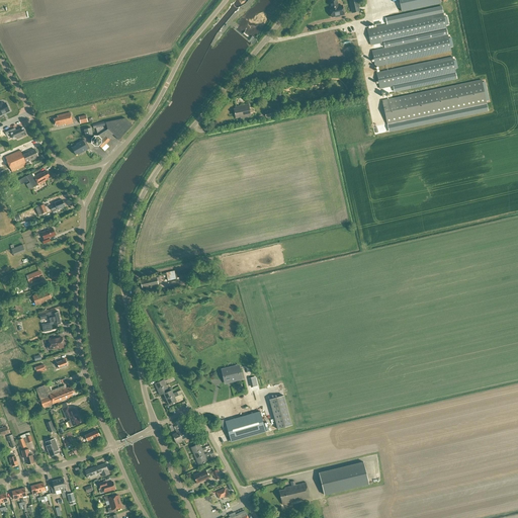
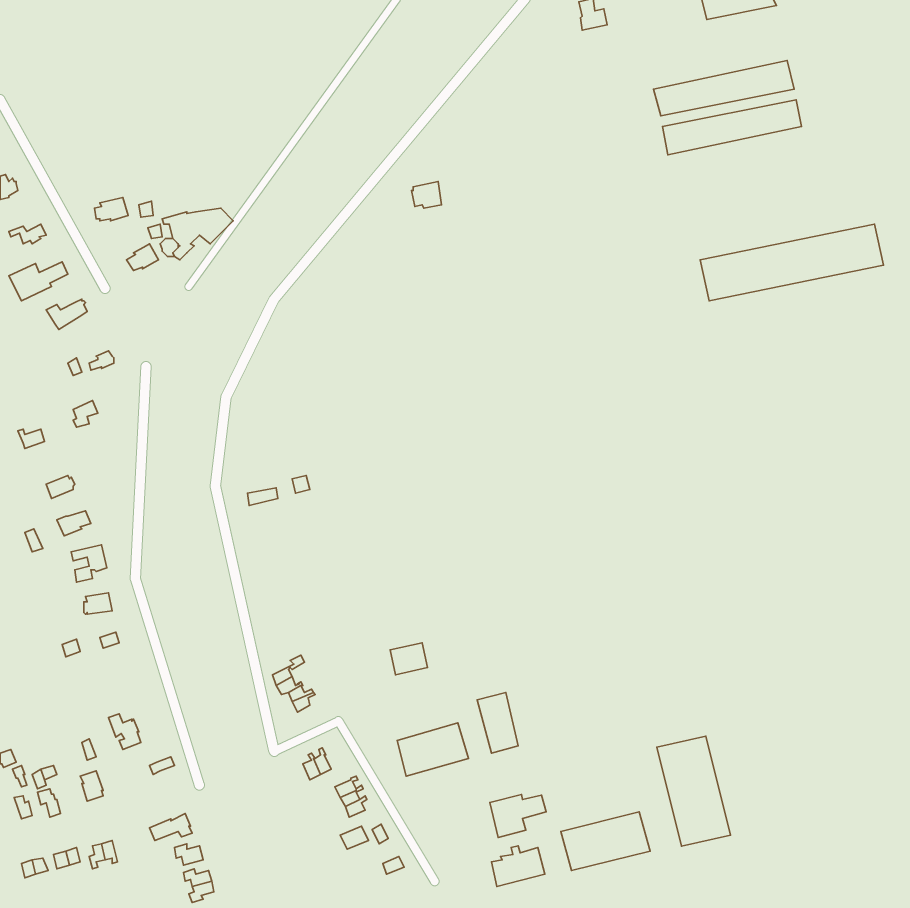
building: [367,13,446,45] -> none
building: [382,80,487,123] -> [700,224,884,301]
building: [35,384,75,407] -> none
building: none -> [657,736,731,846]
building: none -> [490,794,546,837]

